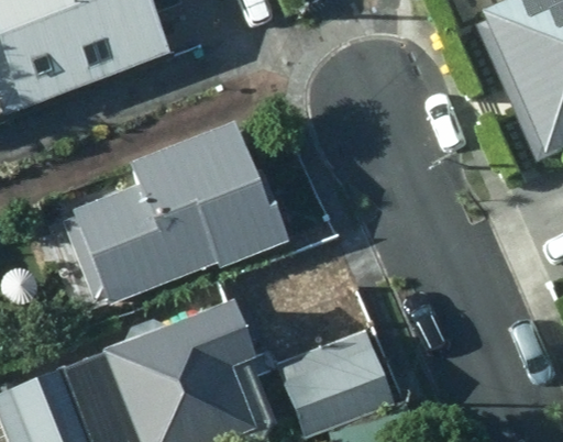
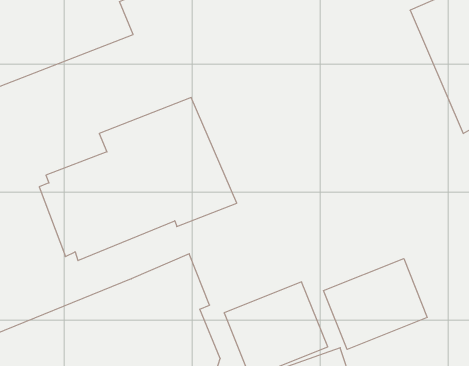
building: none -> [324,259,427,349]

